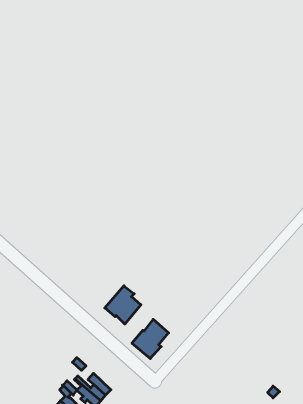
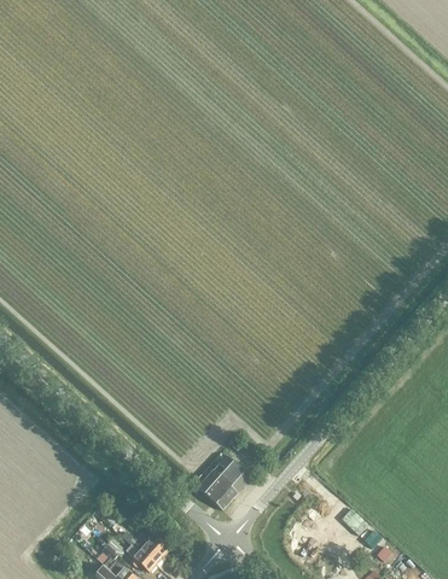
building: [105,286,141,324] -> none

